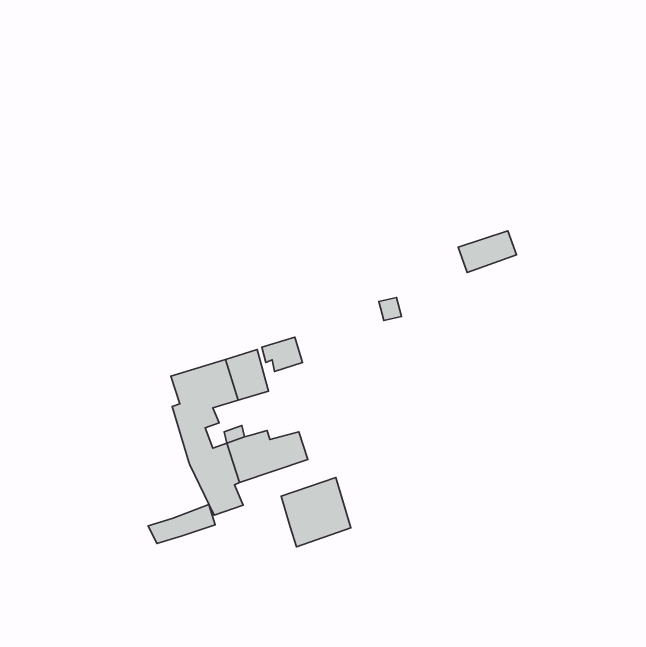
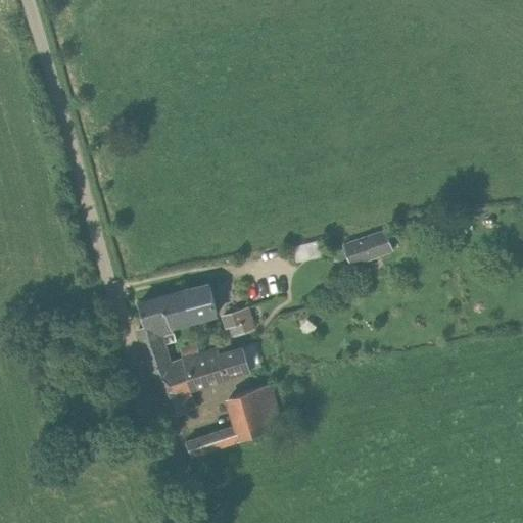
building: [458,231,517,273] -> [345,231,392,265]
building: [262,337,302,371] -> [223,307,255,335]
building: [148,504,215,544] -> [186,425,240,457]

